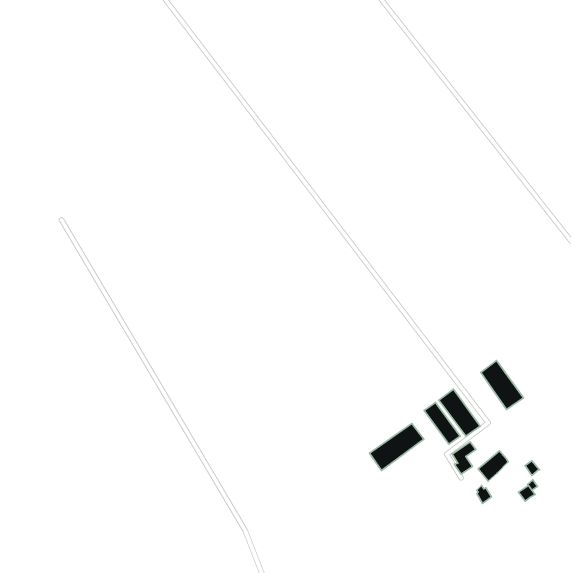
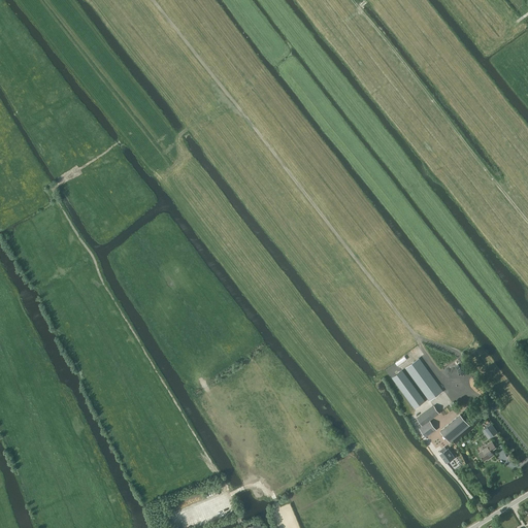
building: [481,361,523,410] -> none
building: [370,423,424,470] -> none

